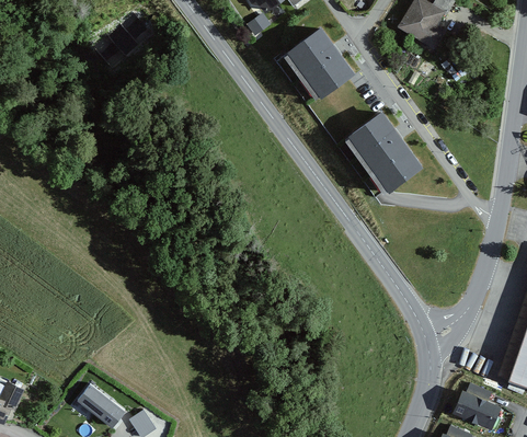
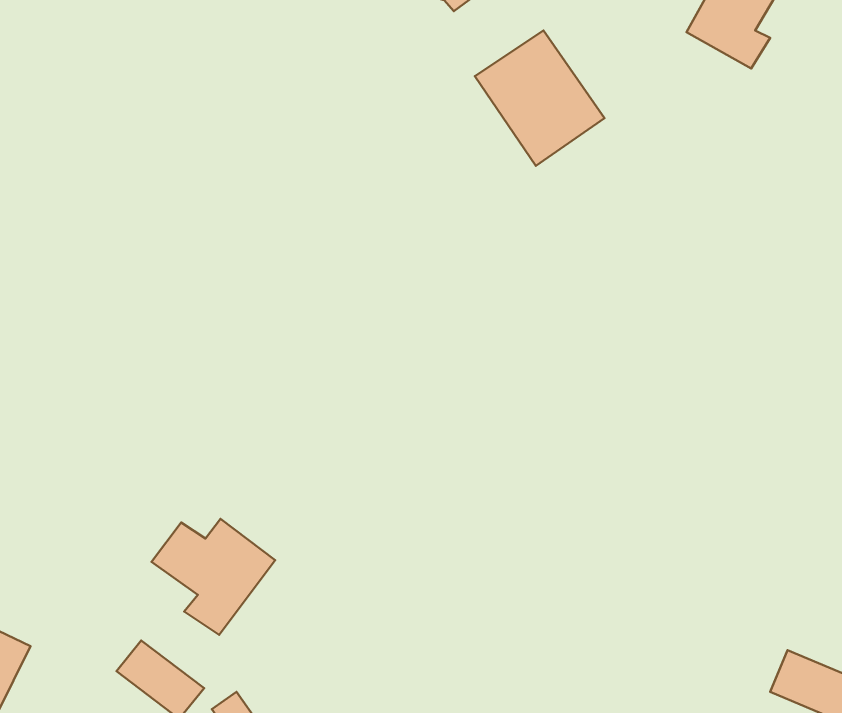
building: [343,110,420,193] -> none
building: none -> [151,519,275,635]

